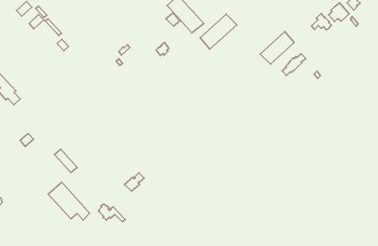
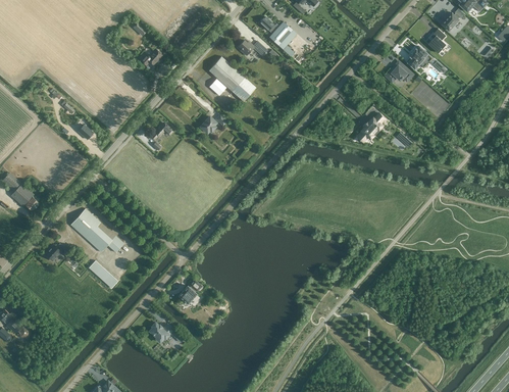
building: [200,14,237,49] -> none
building: [260,32,294,64] -> none
building: [48,182,90,220] -> [69,208,122,252]

